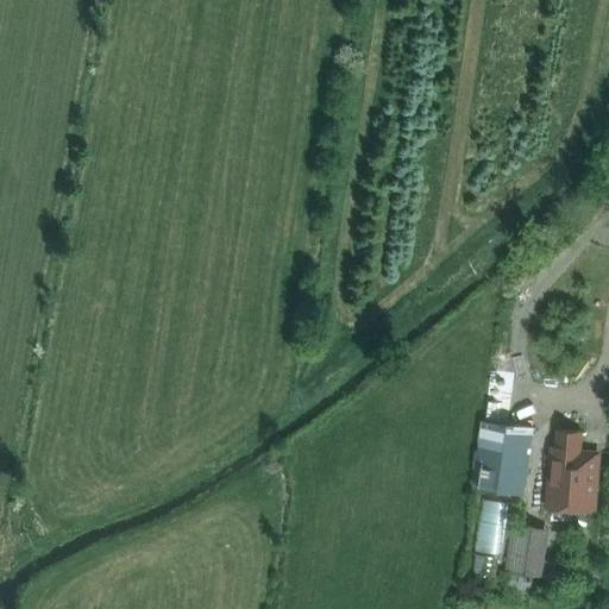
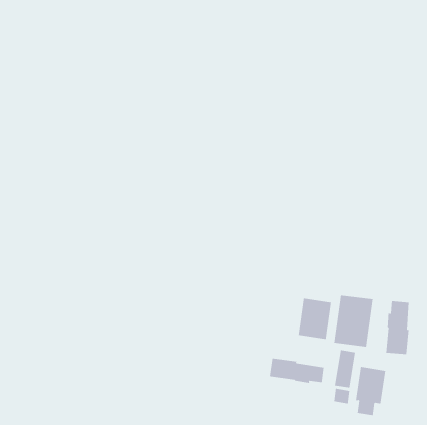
building: none -> [298,298,332,340]
building: none -> [266,358,324,384]

